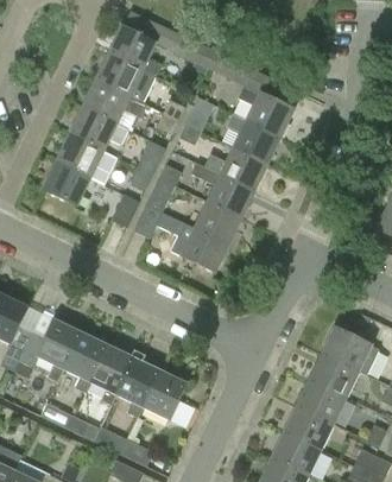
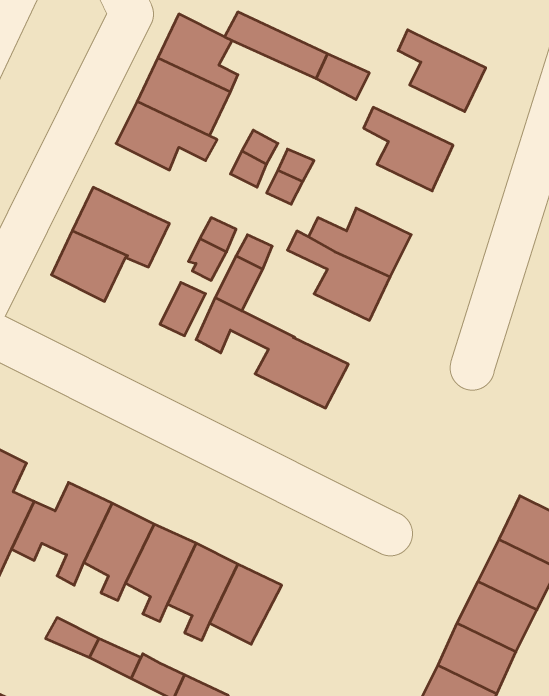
building: [69,107,127,151] -> none
building: [226,113,280,164] -> [398,30,486,112]
building: [194,201,241,245] -> none

